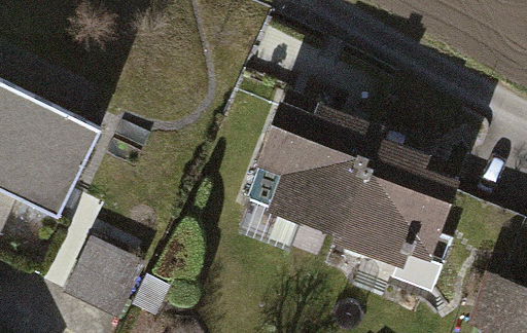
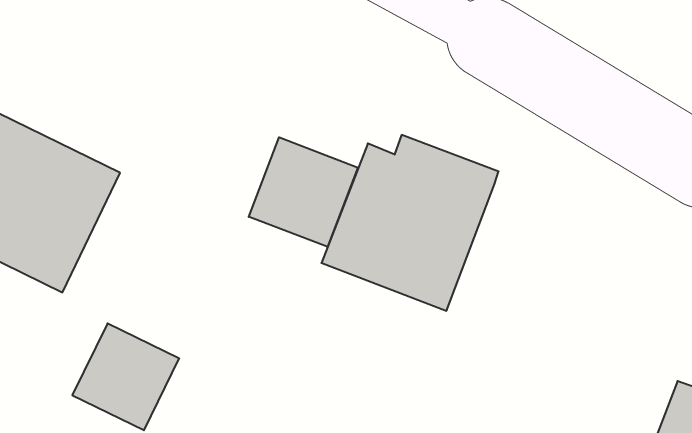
building: none -> [249,137,358,247]
building: [335,140,454,293] -> none

